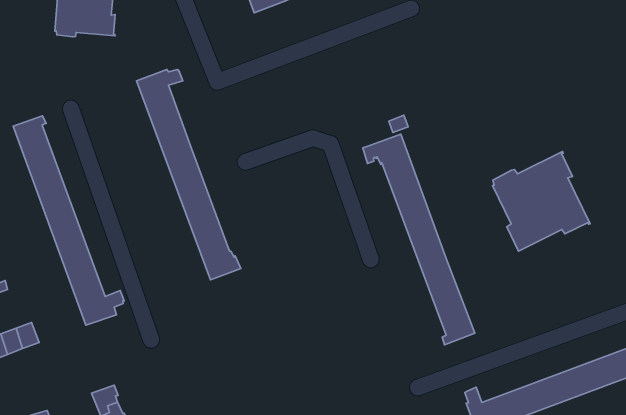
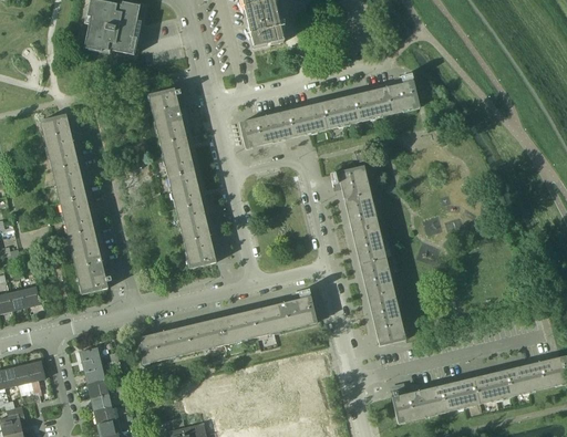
building: none -> [240,73,420,148]
building: [493,152,590,251] -> none
building: none -> [137,288,318,363]

